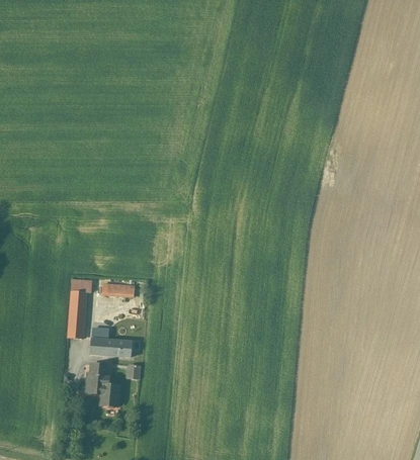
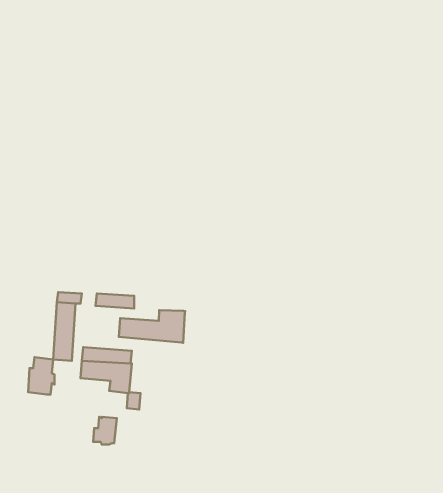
building: none -> [119,310,185,343]
building: [86,363,107,393] -> [28,357,54,395]

